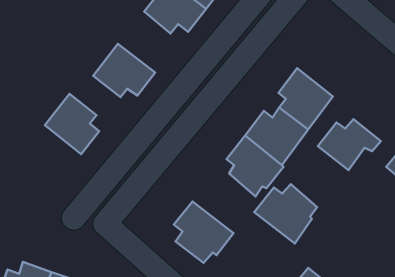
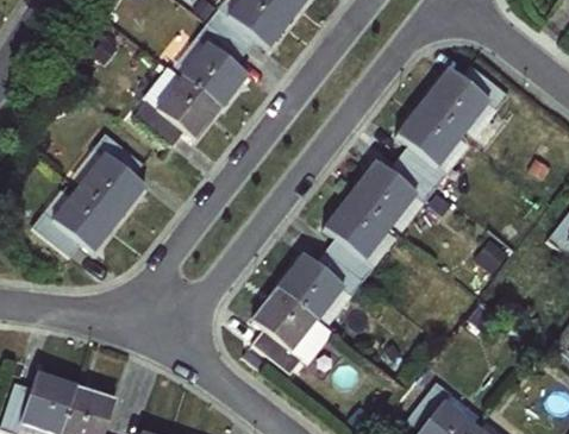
building: none -> [171,20,249,106]
building: [318,119,381,170] -> [423,62,511,133]
building: none -> [35,180,120,253]
building: [254,184,317,244] -> [276,247,364,331]

